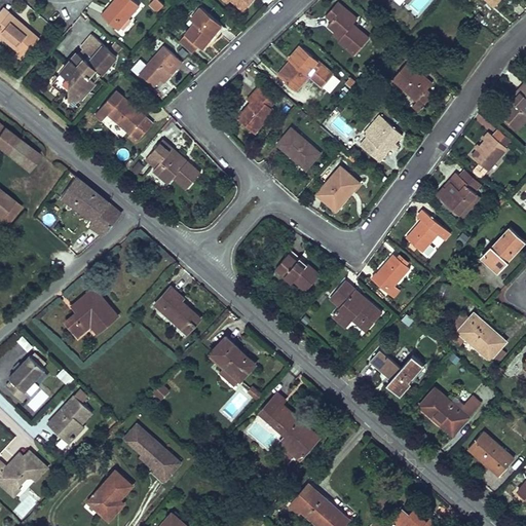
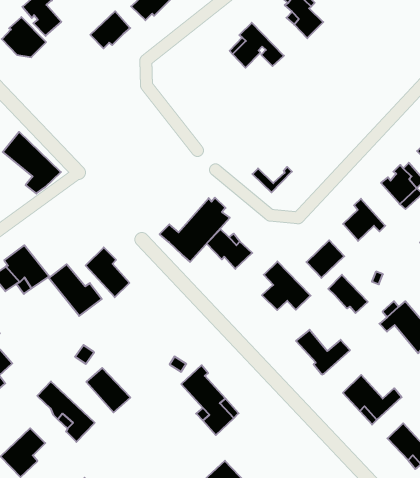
building: [388,64,430,117] -> none
building: [234,87,274,134] -> none
building: [93,91,152,141] -> none
building: [358,121,401,163] -> none
building: [274,128,318,170] -> none
building: [146,139,199,188] -> none
building: [316,167,356,204] -> none
building: none -> [160,198,230,262]
building: none -> [328,275,368,313]
building: none -> [49,264,102,316]
building: [210,336,255,379] -> [86,368,130,412]

